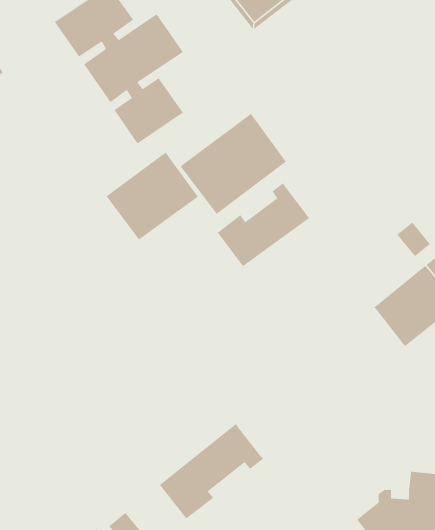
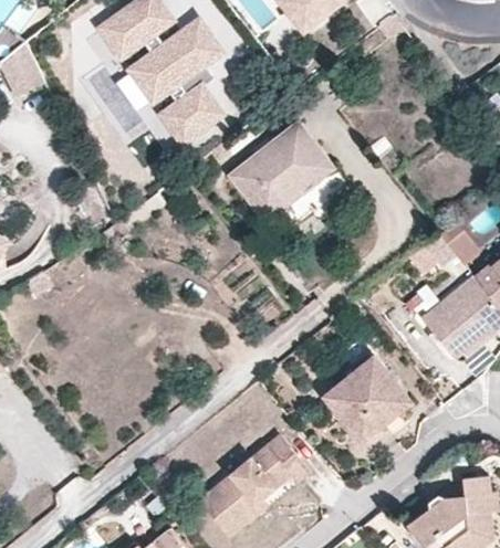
building: [105,151,199,241] -> none
building: [217,182,310,267] -> none
building: none -> [325,357,413,444]

